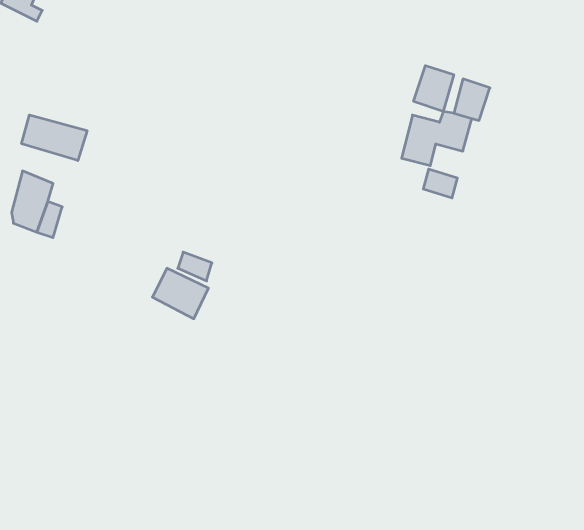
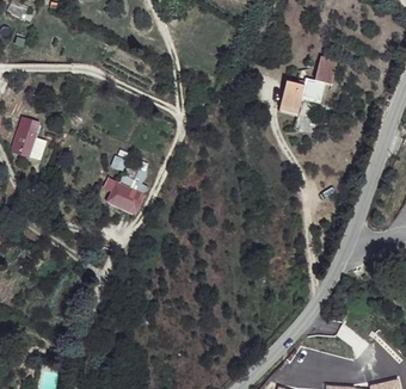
building: [414,66,454,111] -> none
building: [22,115,87,161] -> none

